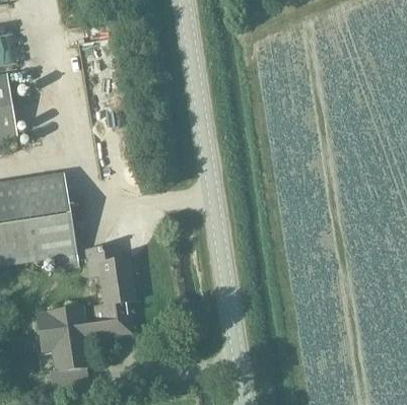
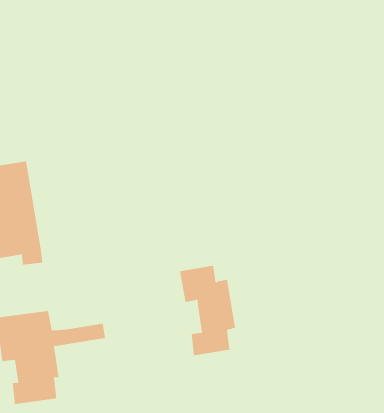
building: [85,242,135,321] -> [179,265,236,356]

